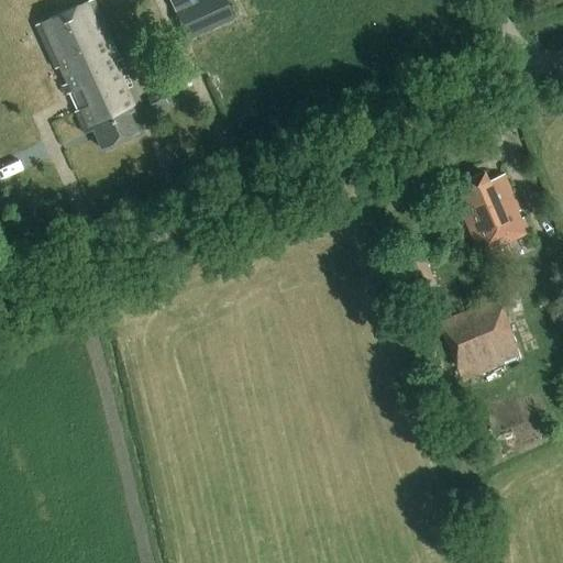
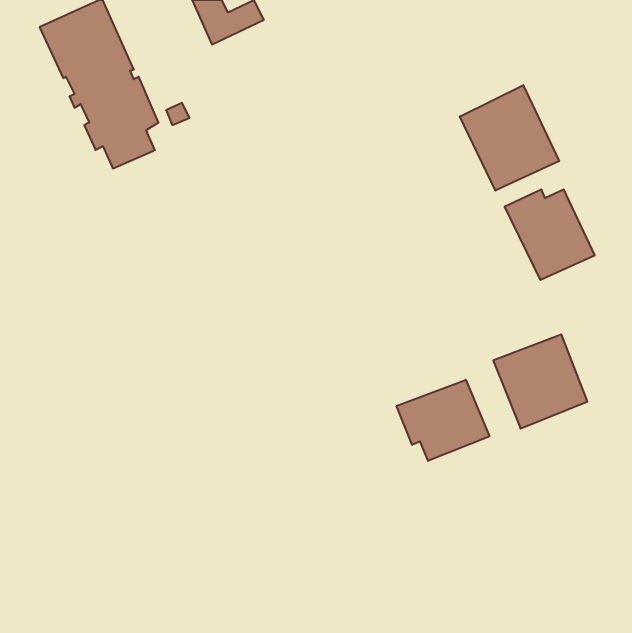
building: none -> [460,85,559,191]
building: none -> [397,380,489,461]

